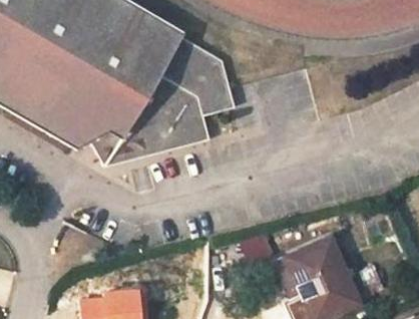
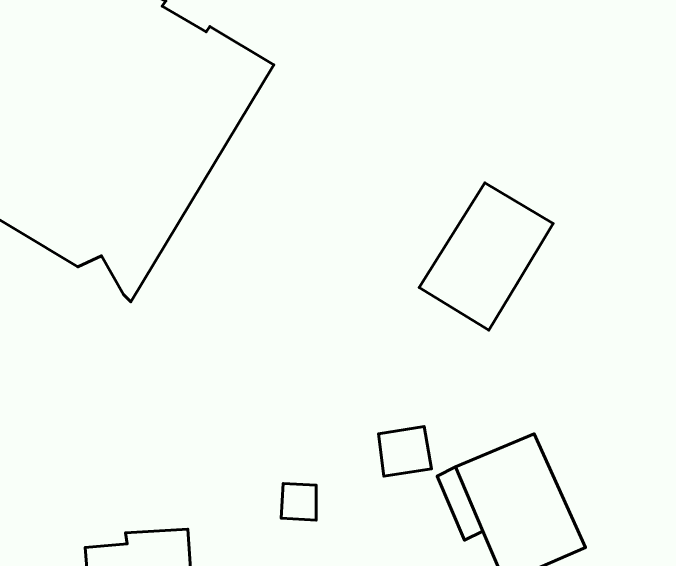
building: [107,37,235,167] -> none
building: none -> [419,183,553,330]

